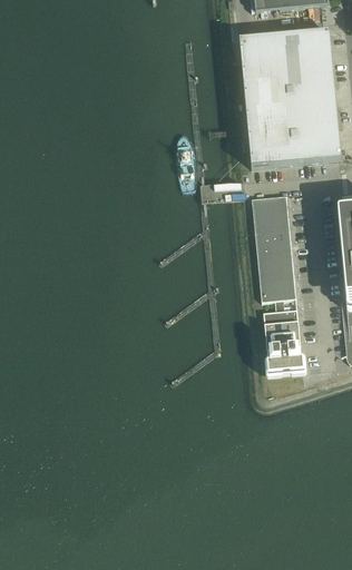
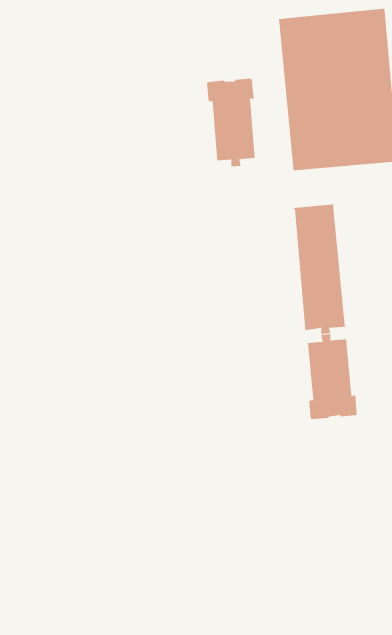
building: none -> [206,78,255,167]

